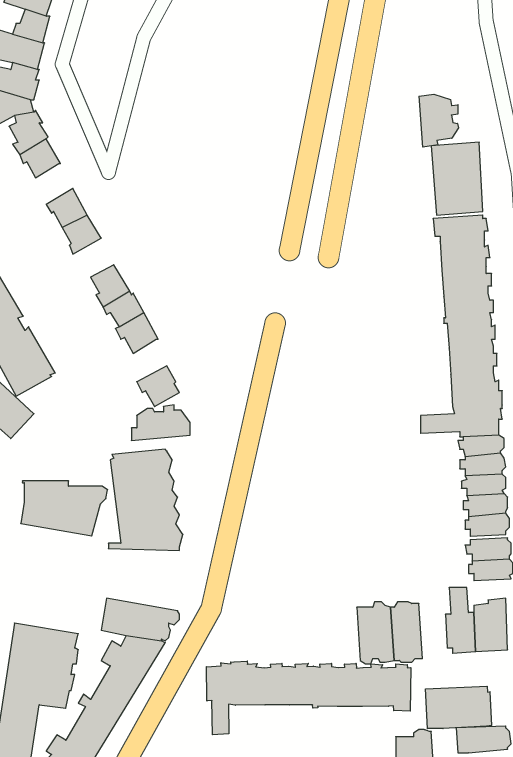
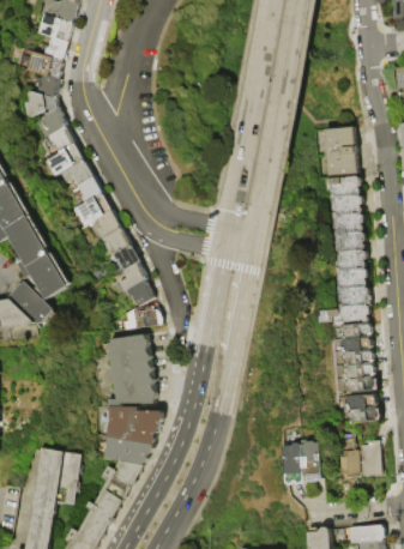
building: [419,94,458,147] -> none
building: none -> [43,141,82,175]
building: none -> [72,192,110,224]
building: none -> [111,260,145,294]
building: [21,481,108,536] -> [104,406,163,444]
building: [206,661,411,735] -> none
building: [426,686,491,729] -> none

